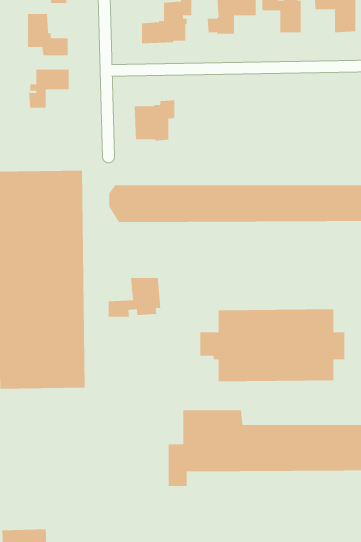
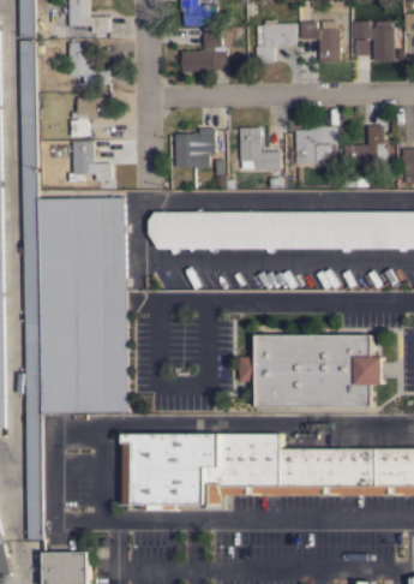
building: none -> [344,125,385,166]
building: none -> [295,126,337,163]
building: none -> [240,127,281,169]
building: none -> [68,141,113,181]
building: [108,277,161,317] -> none
building: none -> [125,434,223,511]

